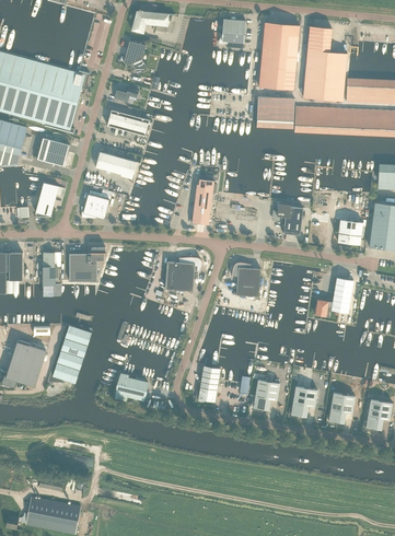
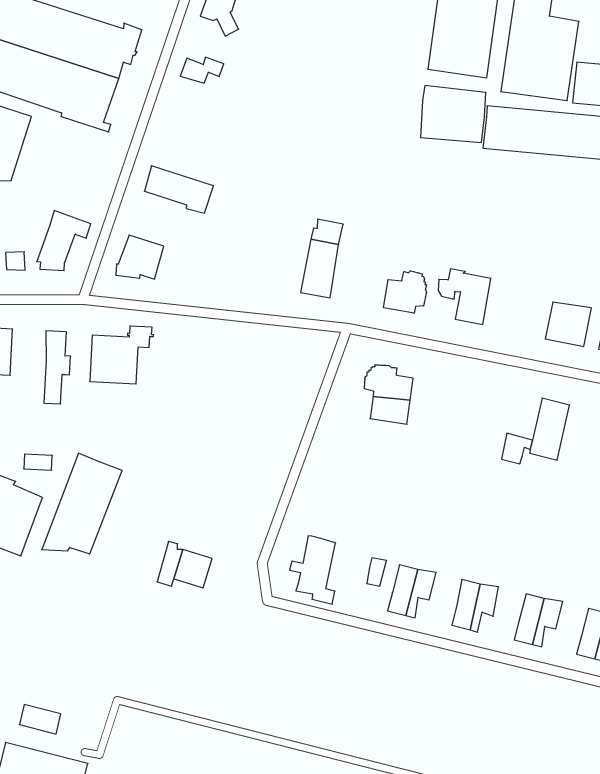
building: [107,109,149,135] -> none
building: [37,138,70,166] -> none
building: none -> [384,271,426,313]
building: [165,257,202,291] -> none

